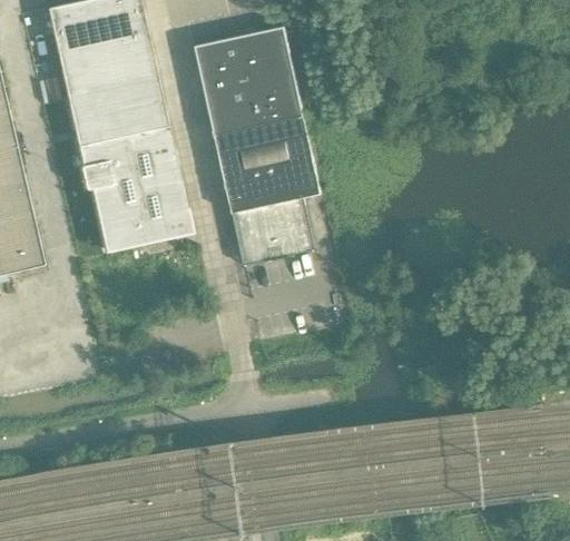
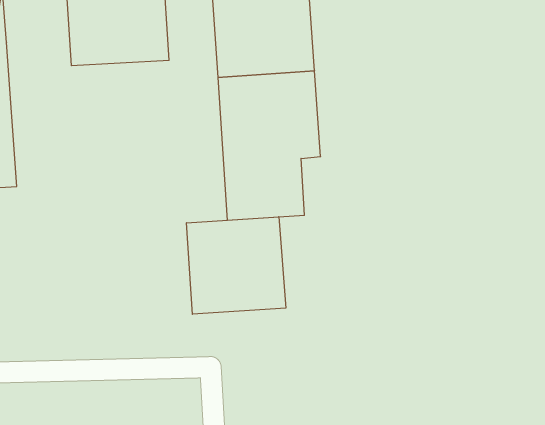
building: [77,126,190,250] -> none
building: none -> [187,217,286,314]

